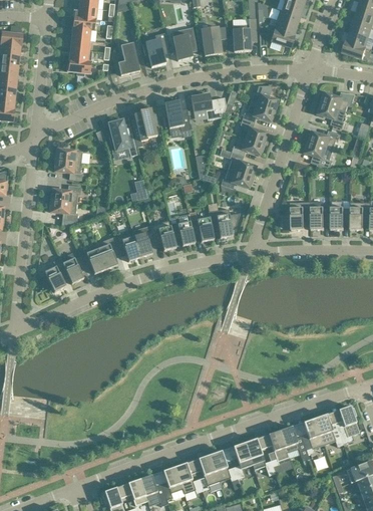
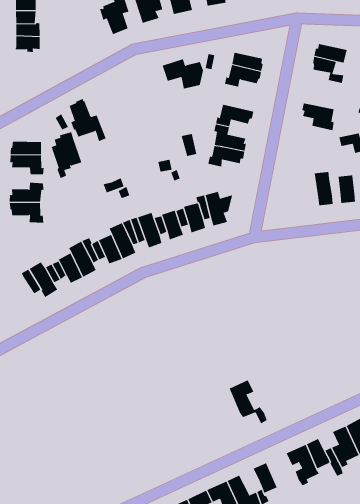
building: [117,42,139,75] -> none
building: [163,100,191,131] -> none
building: [131,108,156,148] -> [51,132,82,179]
building: [239,118,267,145] -> none
building: [307,131,340,150] -> none
building: [283,202,304,230] -> none
building: [42,266,65,292] -> none
building: [245,437,275,476] -> [229,379,268,424]

